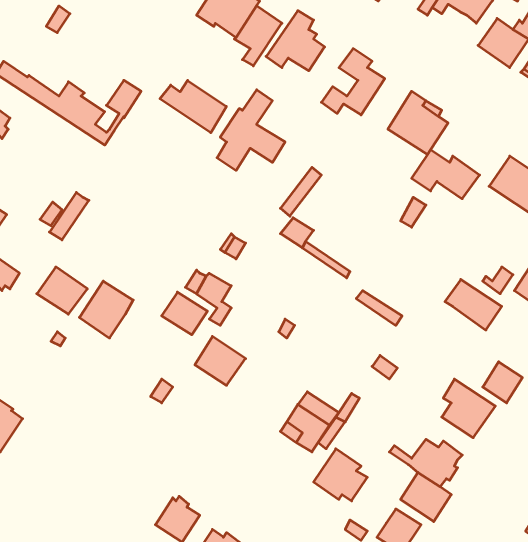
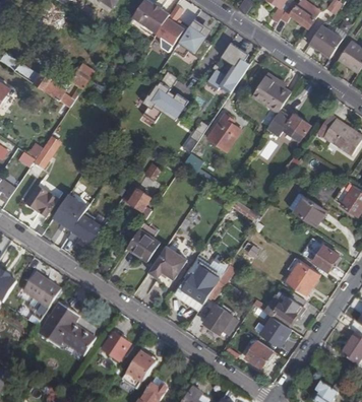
building: [160,80,226,133] -> none
building: none -> [207,113,241,150]
building: [162,292,207,335] -> [72,214,102,242]
building: none -> [146,245,186,287]
building: none -> [22,272,60,314]
building: none -> [39,303,95,354]

